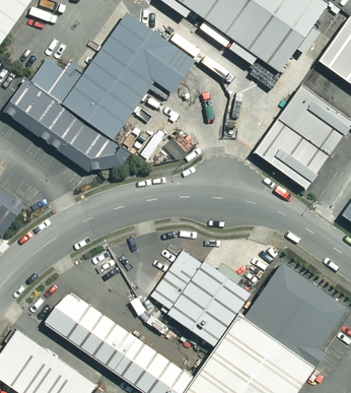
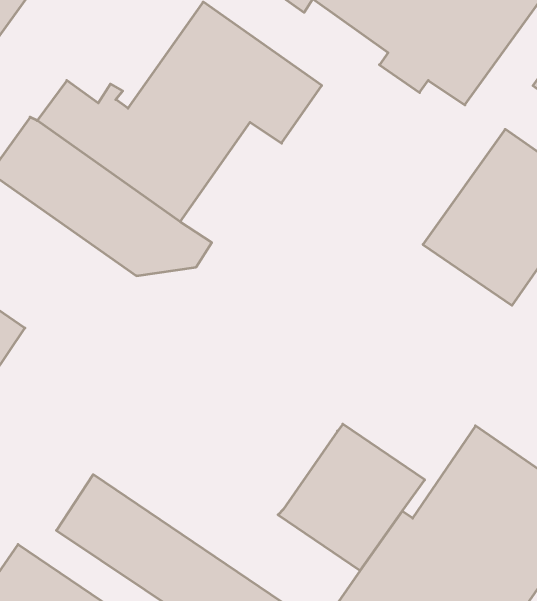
building: [152,248,204,308] -> none

